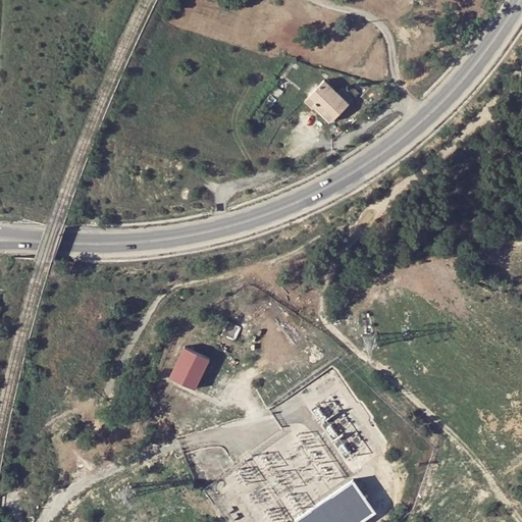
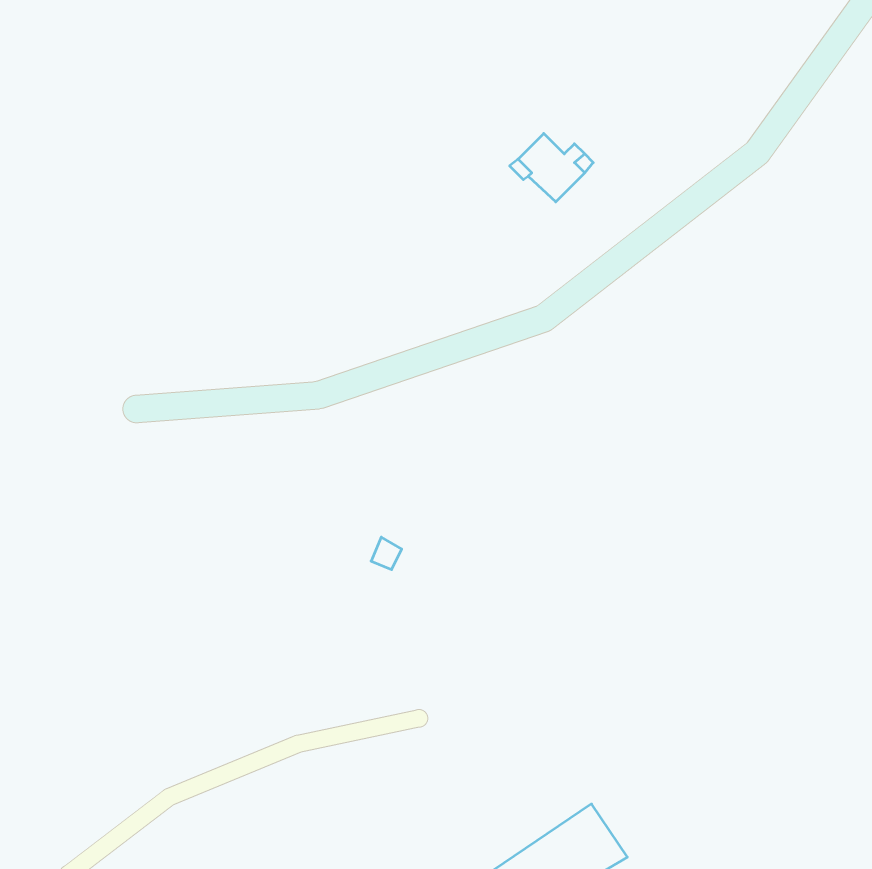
building: [169,348,209,390] -> none

